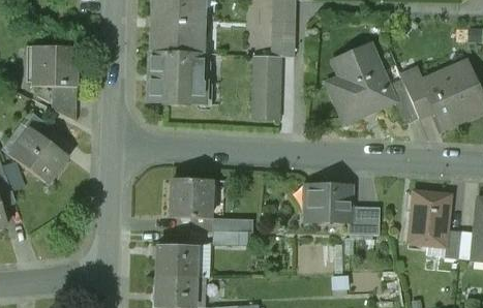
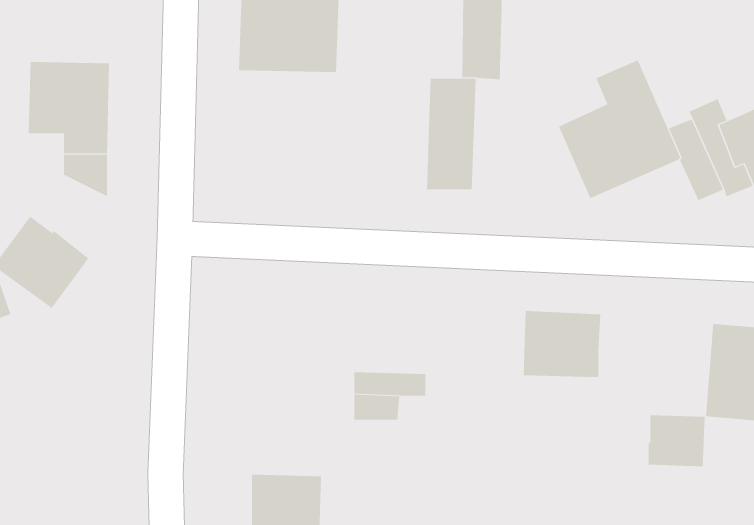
building: [148,51,206,102] -> none
building: [172,178,210,218] -> none
building: [349,206,381,235] -> [648,415,705,467]
building: [156,244,197,276] -> none

